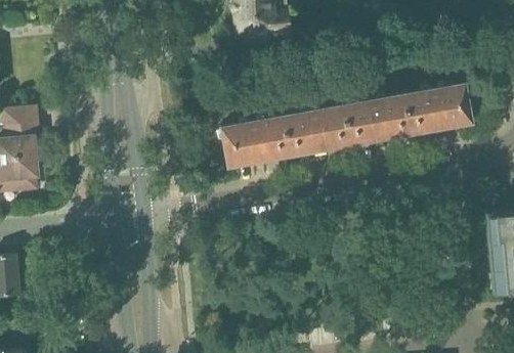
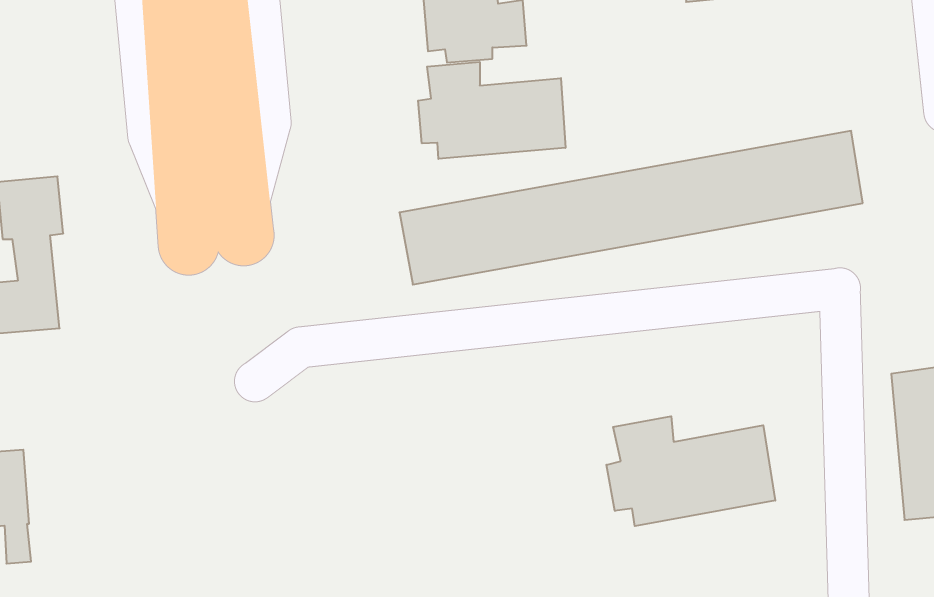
building: none -> [418,62,565,159]
building: none -> [606,416,775,526]

